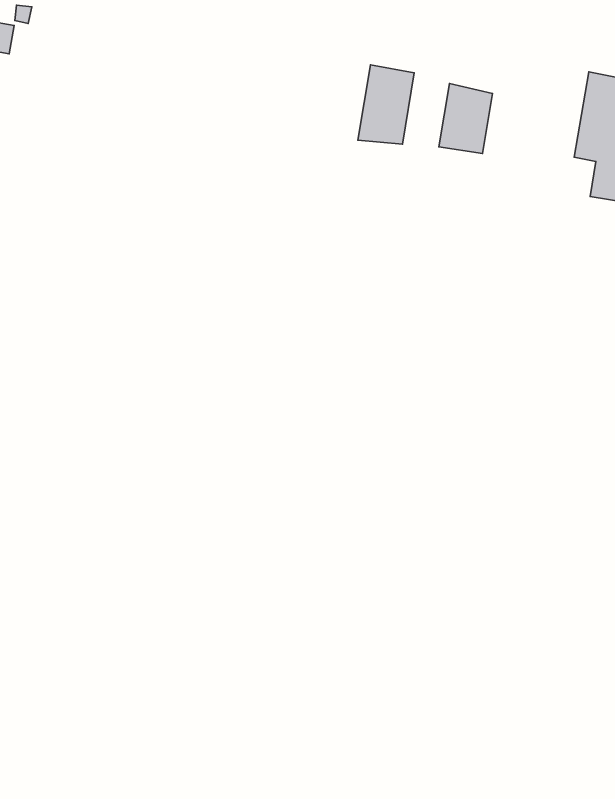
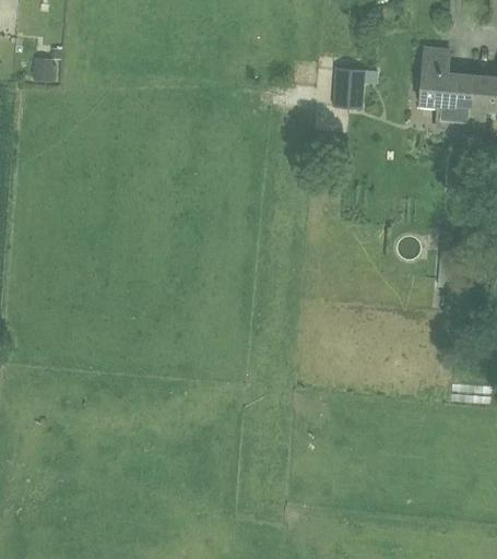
building: [358,65,414,144] -> none

